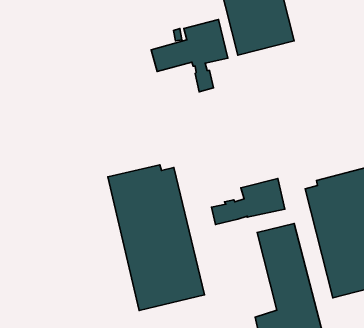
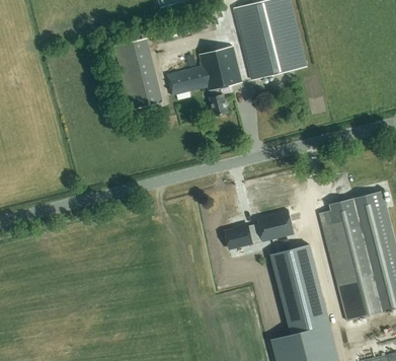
building: none -> [114,40,162,112]
building: [108,165,204,311] -> none

